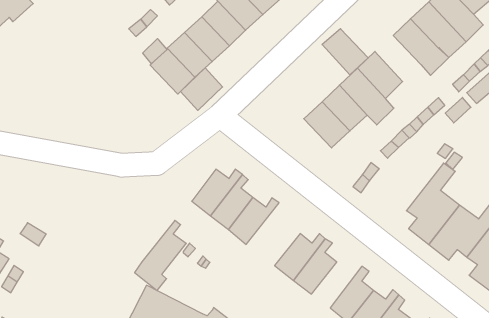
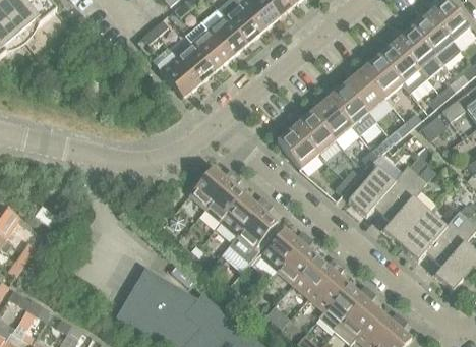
building: [322,29,368,75] -> [361,56,402,98]
building: [181,68,223,110] -> none
building: none -> [277,126,317,169]
building: none -> [348,161,417,216]
building: [135,220,186,291] -> [229,200,277,263]
building: none -> [292,256,339,297]

